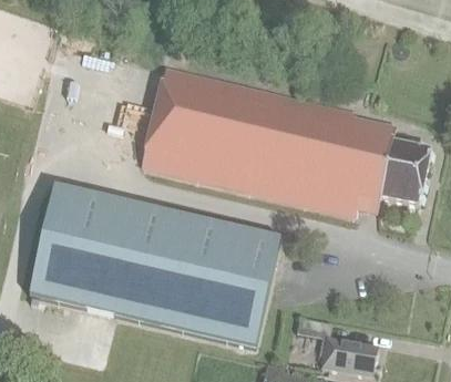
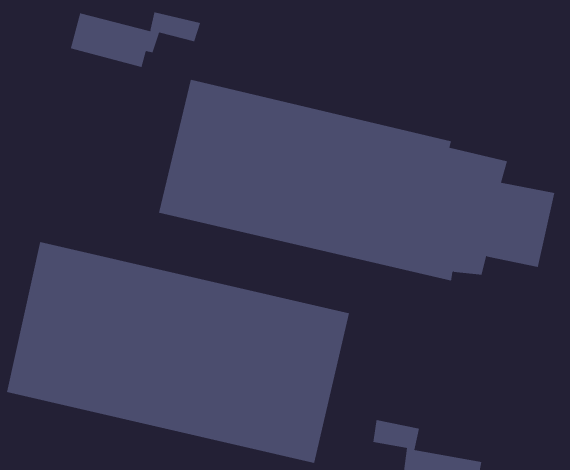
building: none -> [70,11,201,68]

